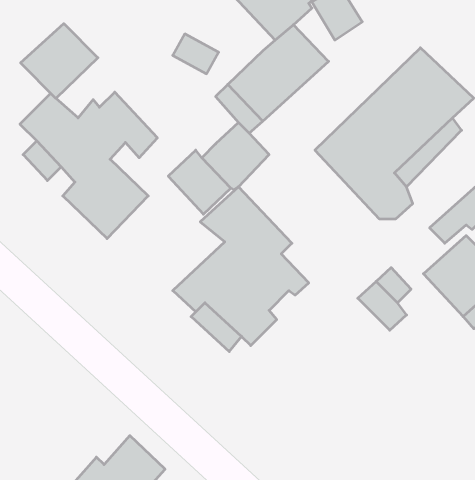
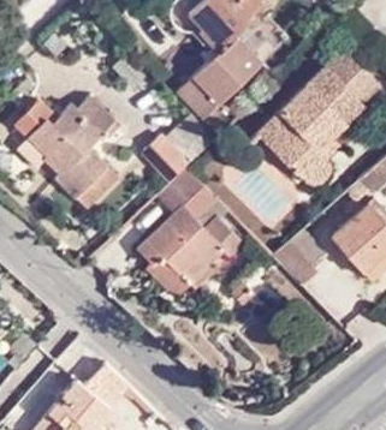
building: [21,24,98,98] -> none

